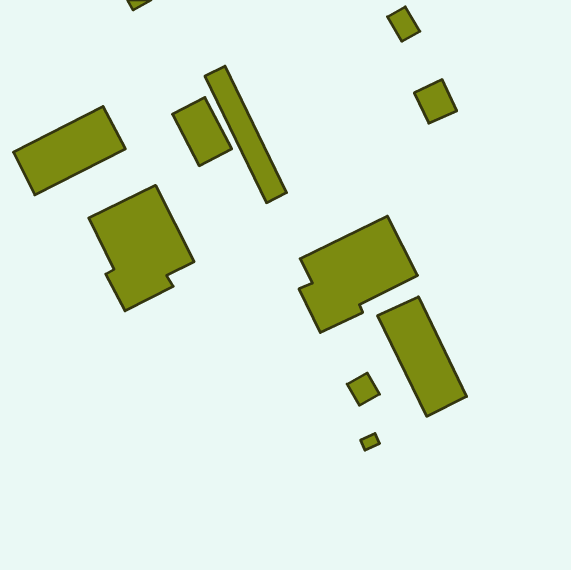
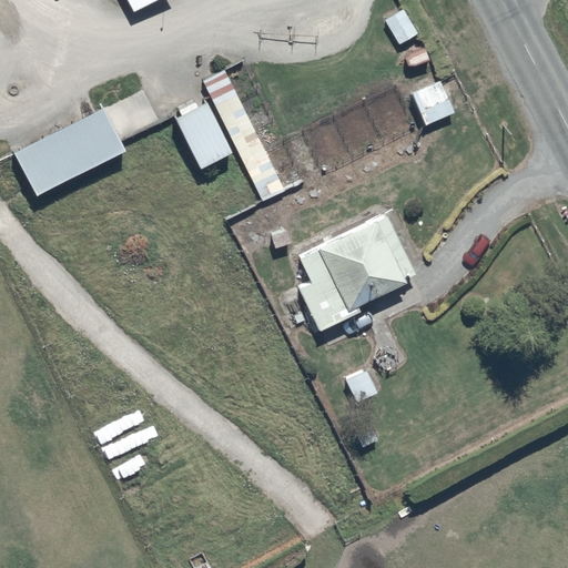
building: [89,185,194,311] -> none
building: [378,297,467,416] -> none

